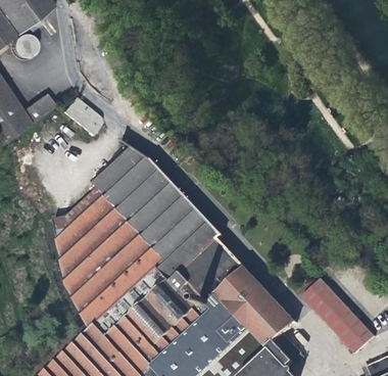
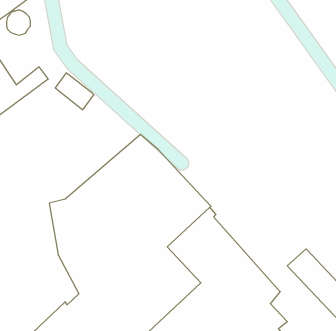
building: [53,149,149,230] -> none

